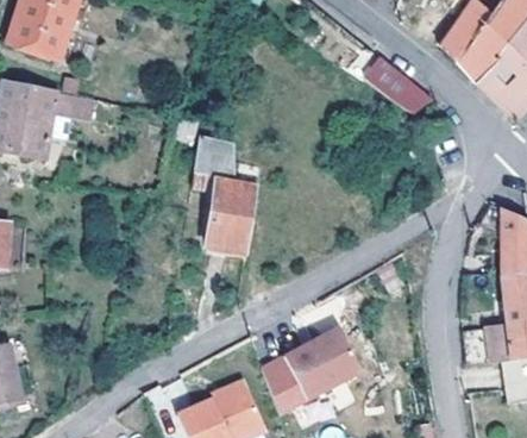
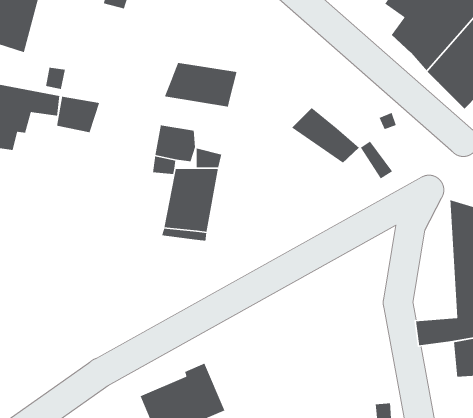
building: [360,55,432,113] -> [291,107,360,163]
building: none -> [164,62,238,108]
building: none -> [56,96,100,133]
building: [263,331,366,409] -> none

